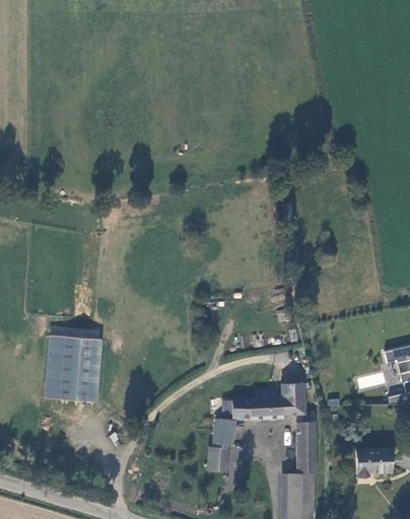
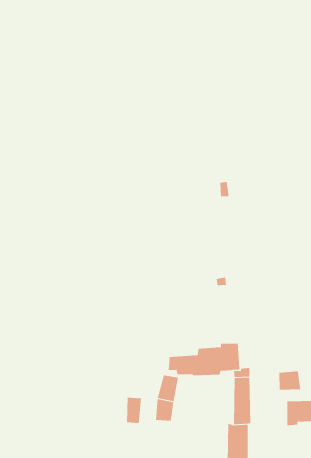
building: [45,332,99,399] -> none
building: none -> [279,370,301,391]
building: none -> [127,397,141,424]

